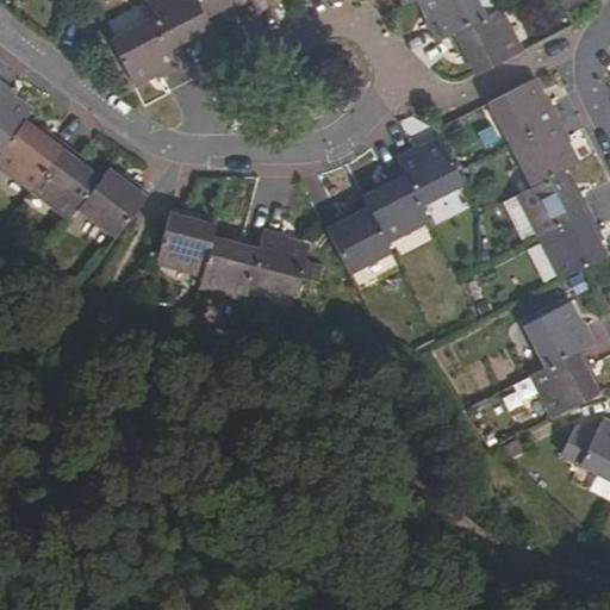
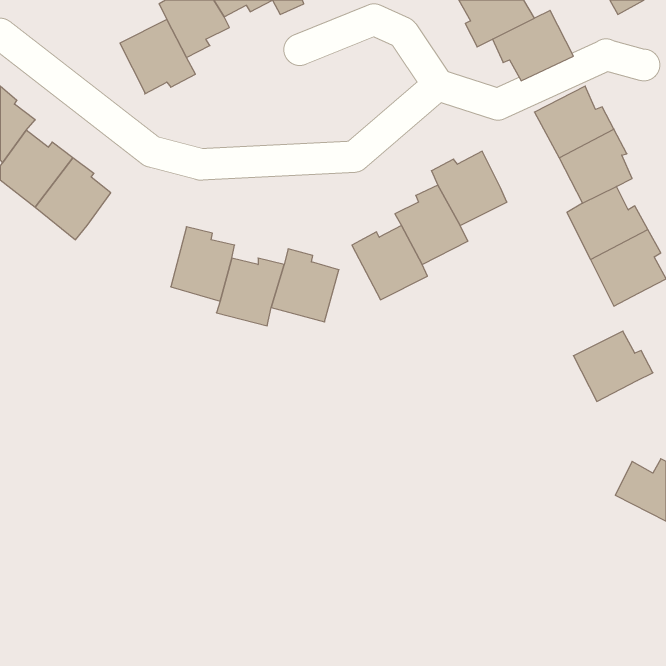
building: [80,167,150,235] -> none
building: [531,348,599,417] -> none

